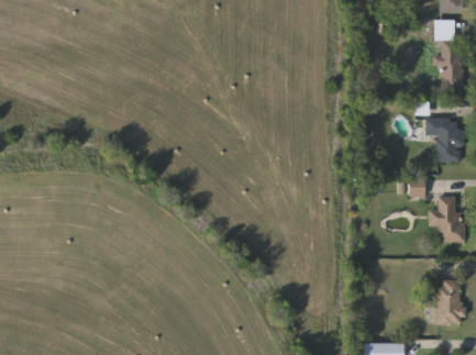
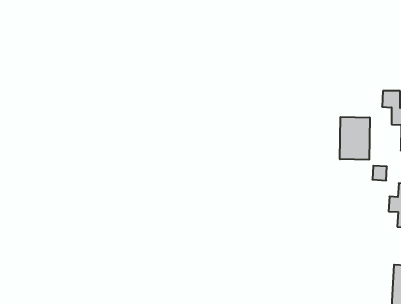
building: none -> [340,117,370,160]

